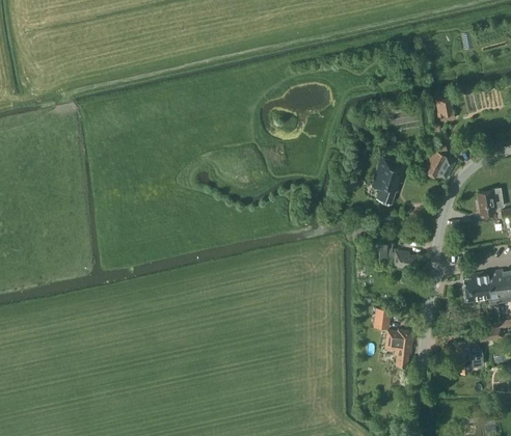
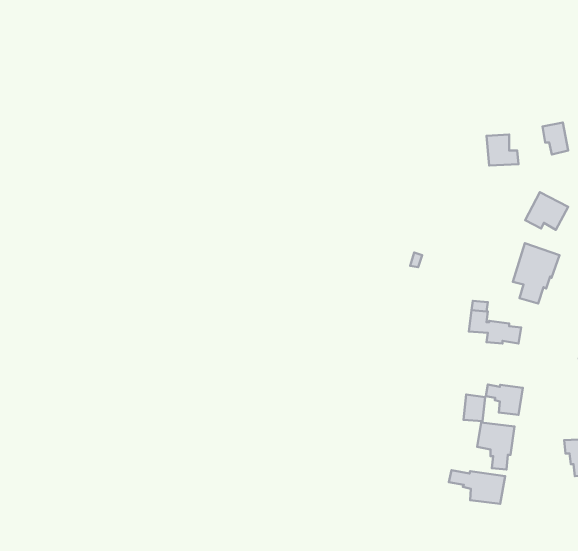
building: [371,158,407,205] -> [513,243,560,303]
building: none -> [486,384,523,415]
building: none -> [449,470,505,504]

